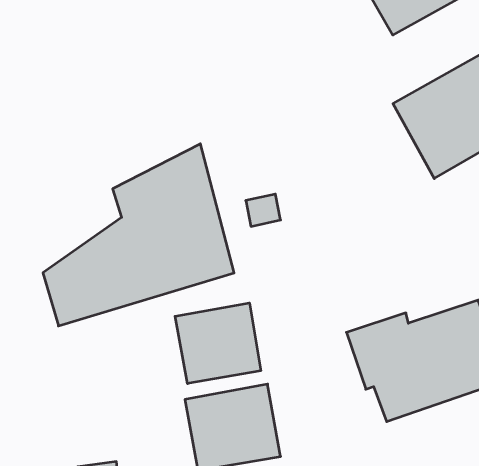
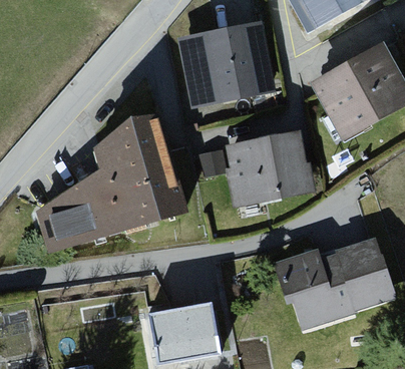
building: none -> [177,23,276,110]
building: none -> [221,131,314,209]
building: [175,303,261,384] -> none

